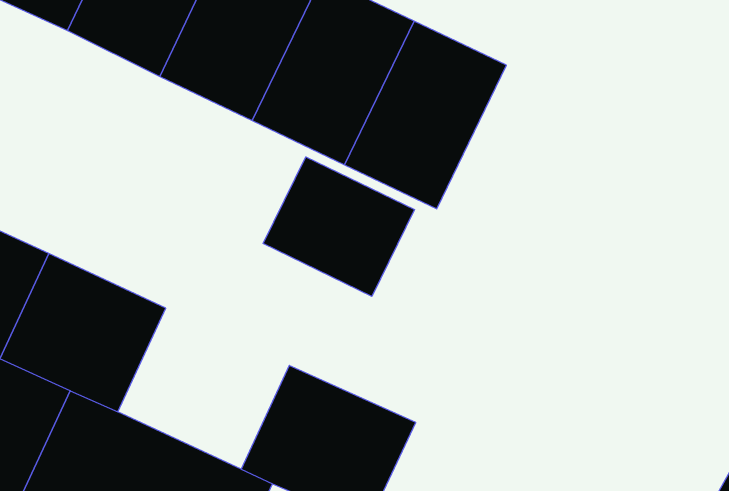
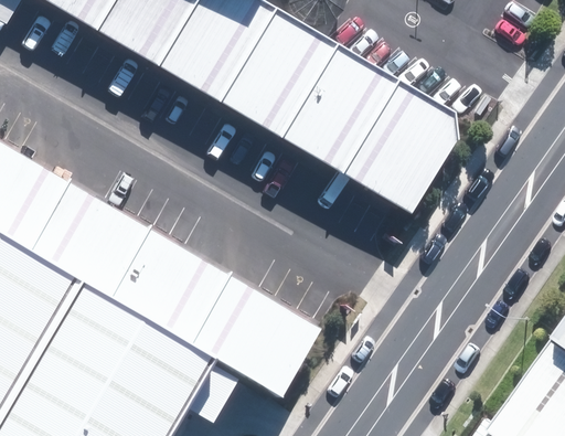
building: none -> [345,81,465,214]
building: [263,157,414,296] -> none
building: none -> [110,230,233,347]

